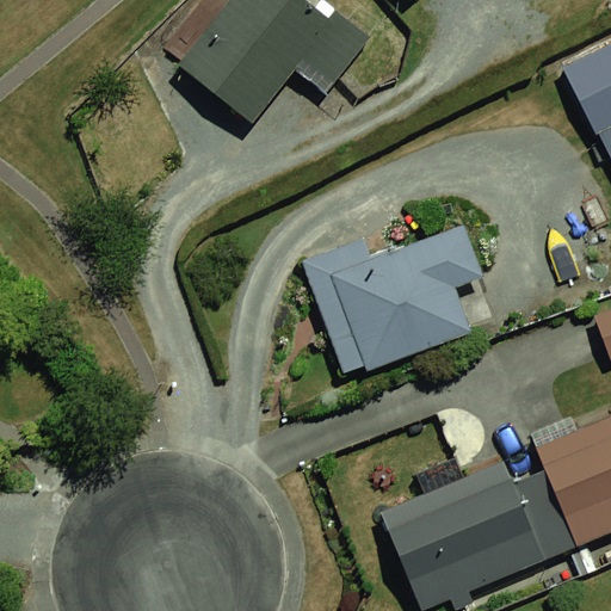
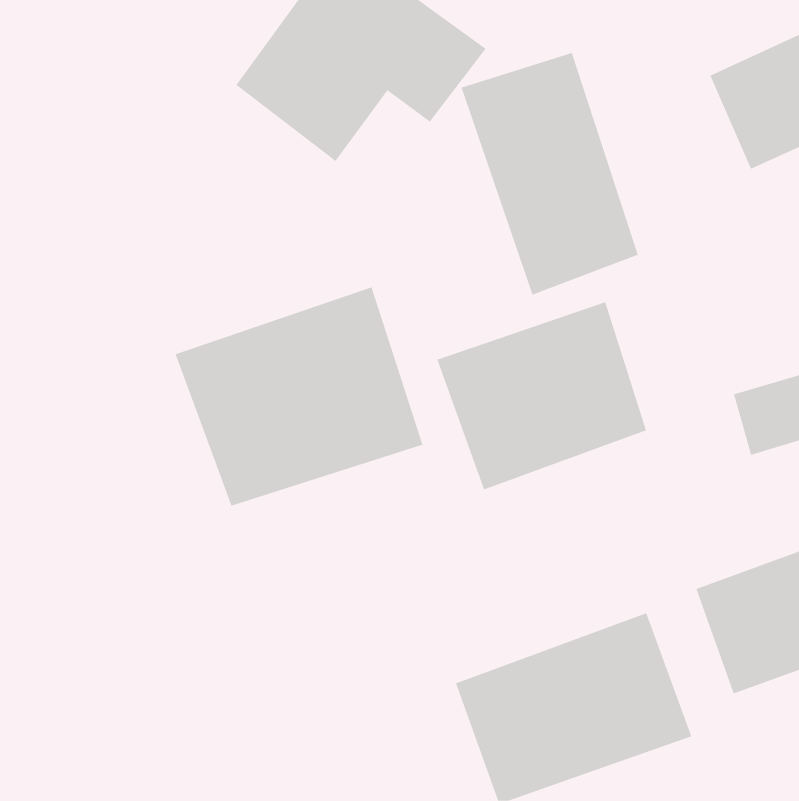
building: none -> [461,52,639,296]
building: none -> [175,287,423,507]

